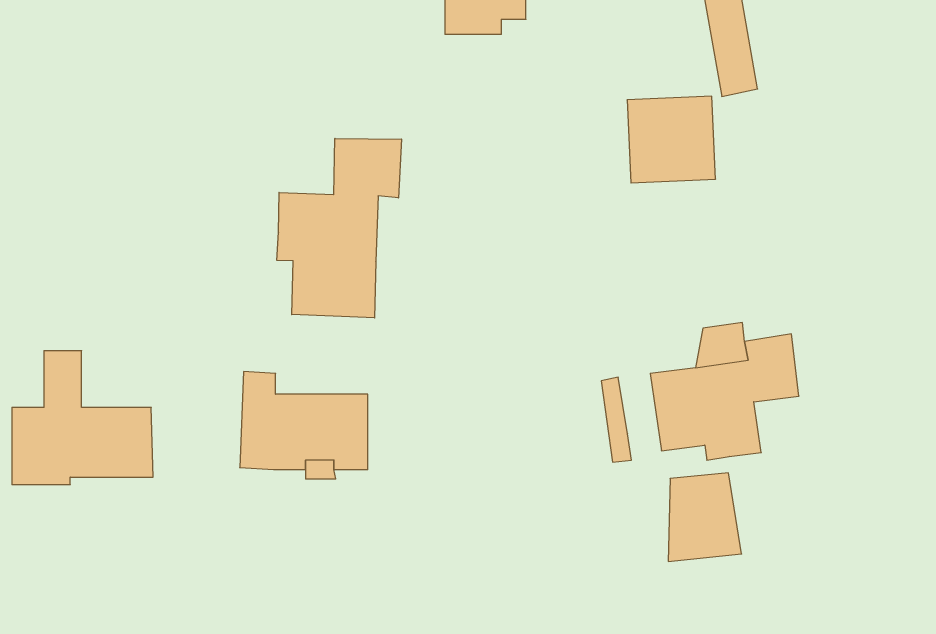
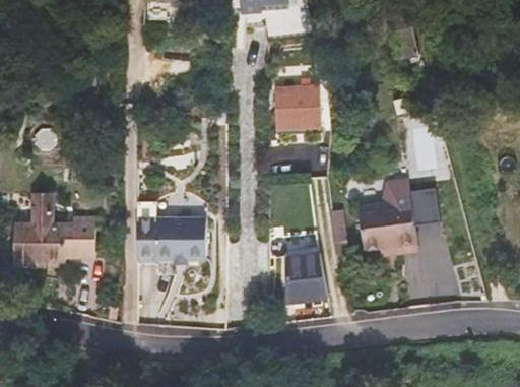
building: [627,96,716,183] -> [274,84,322,131]
building: [277,138,401,318] -> none
building: [668,473,742,561] -> [286,251,326,299]

